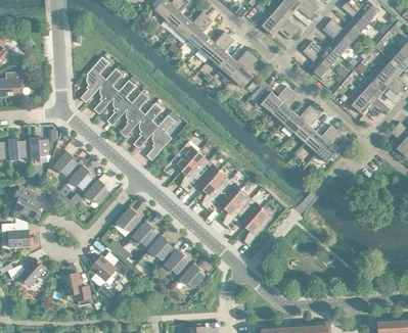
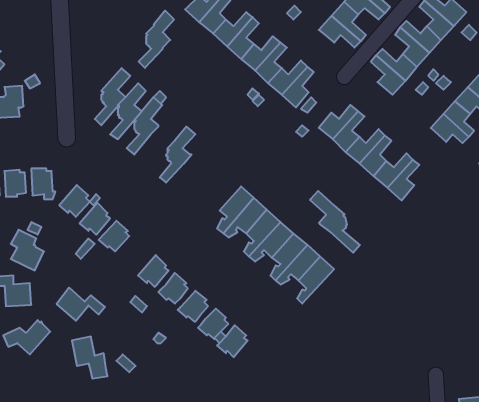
building: [120,91,148,137] -> [139,11,174,68]
building: [146,114,175,160] -> none
building: [163,142,198,174] -> none
building: none -> [310,191,360,253]
building: [90,254,129,281] -> [57,288,105,321]

